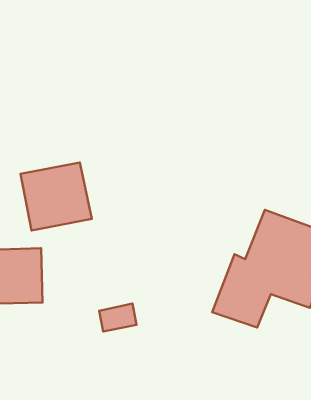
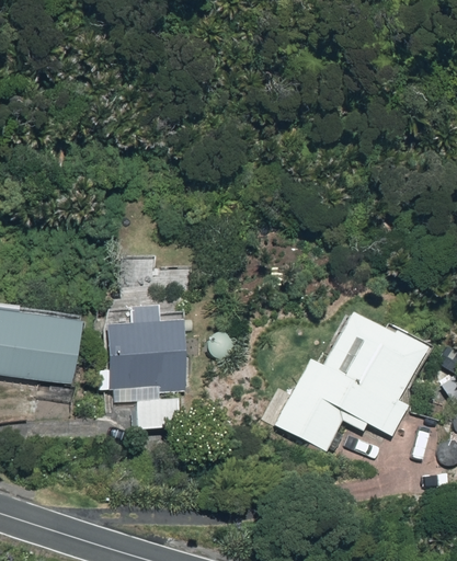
building: [21,162,92,231] -> [110,320,186,392]

